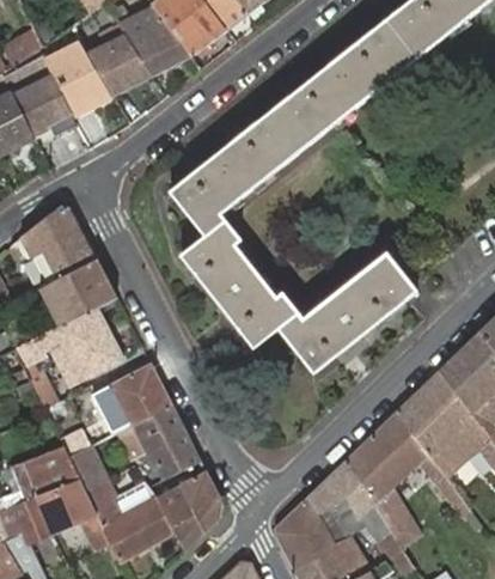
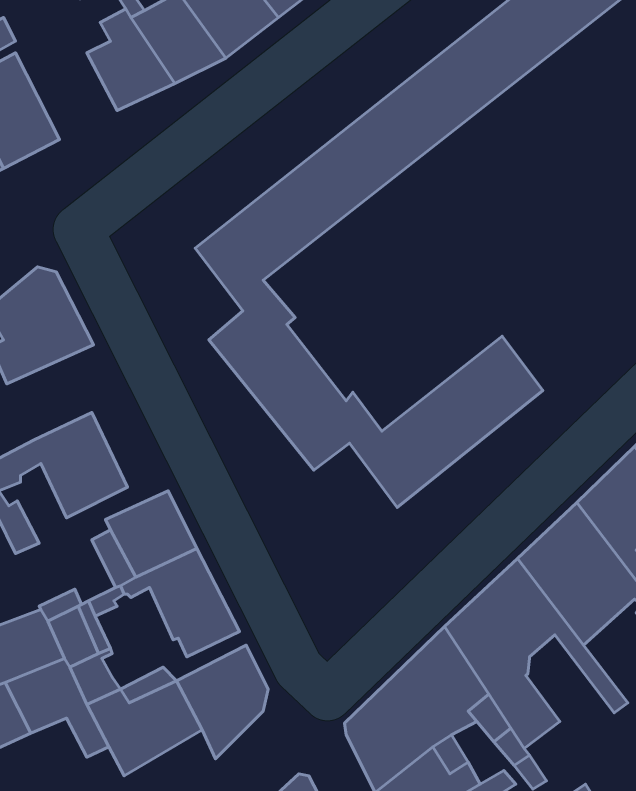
building: [43,37,115,150] -> none
building: [37,260,117,327] -> none

